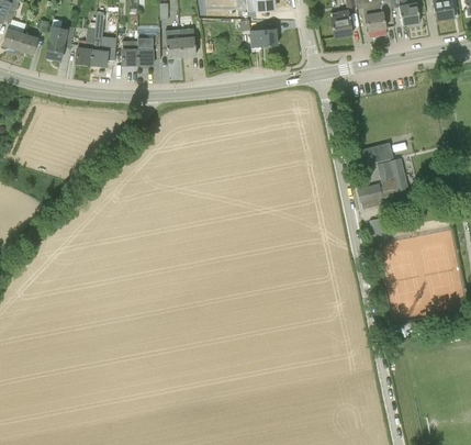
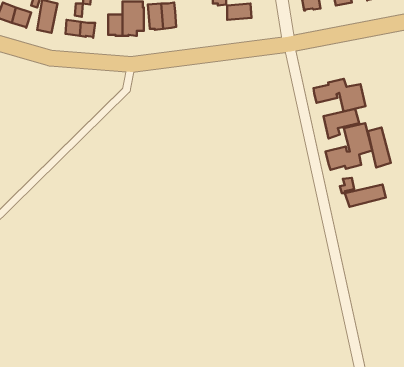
building: none -> [314,79,365,112]
building: none -> [368,127,391,168]
building: none -> [345,185,386,207]

